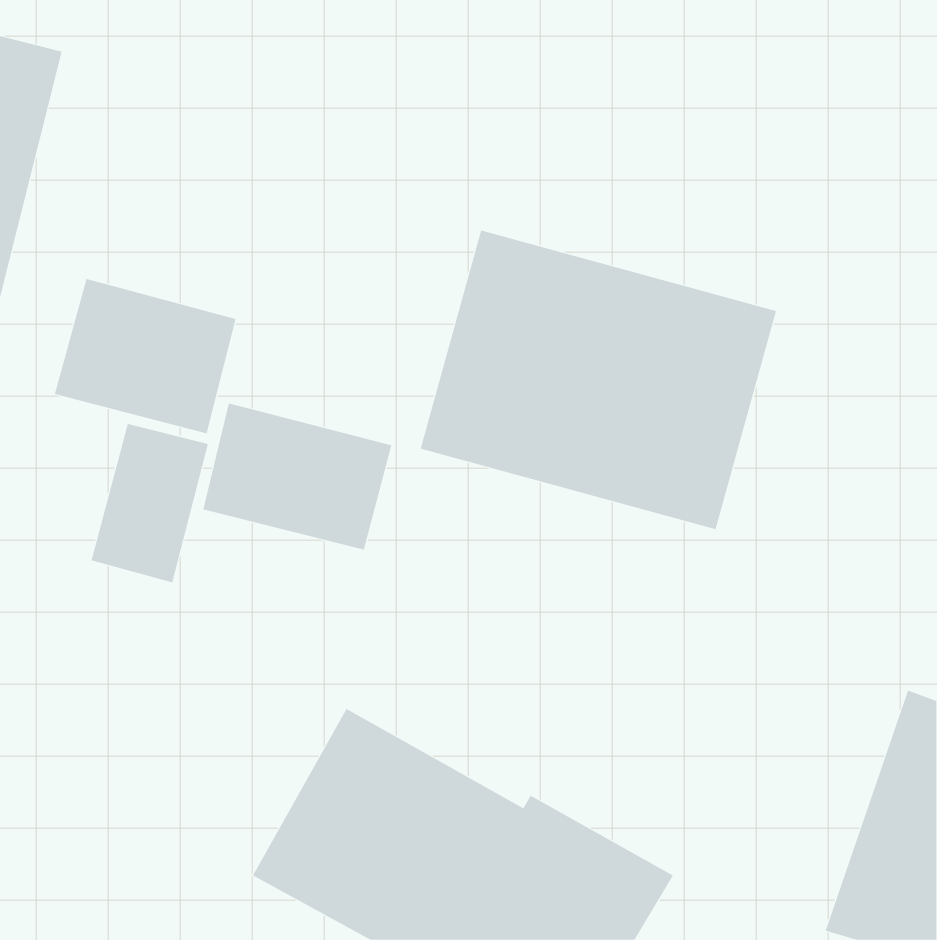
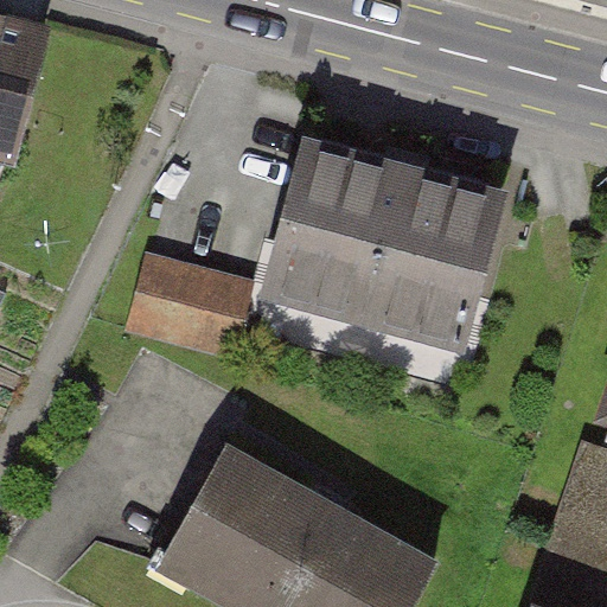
building: [54,278,236,434] -> none
building: [91,423,209,583] -> none

